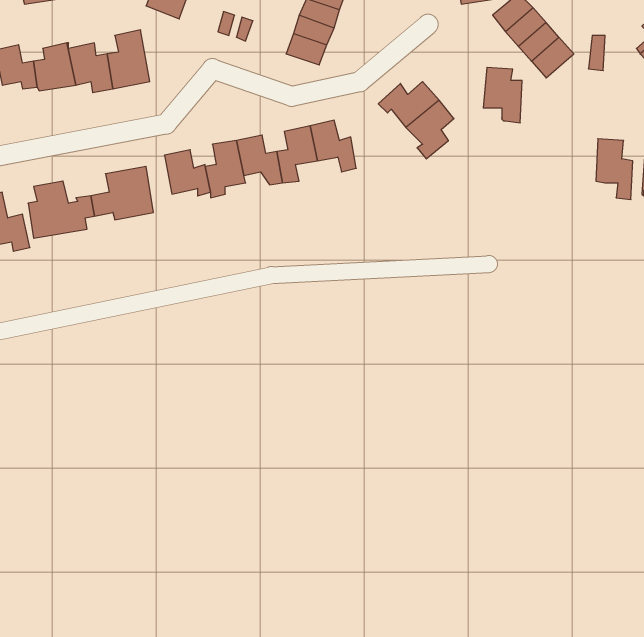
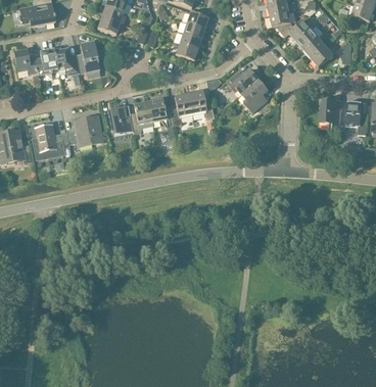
building: [483,67,522,123] -> [319,100,340,131]

